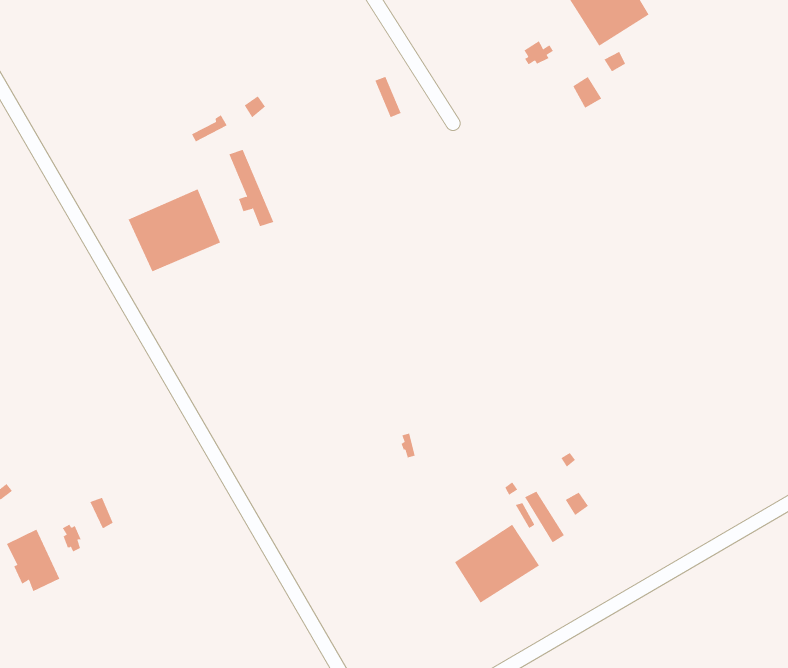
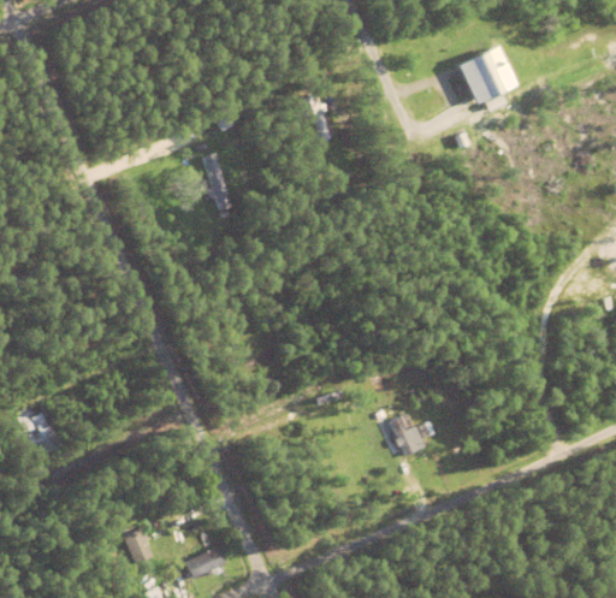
building: [128,189,221,272] -> none
building: [454,524,540,603] -> none

